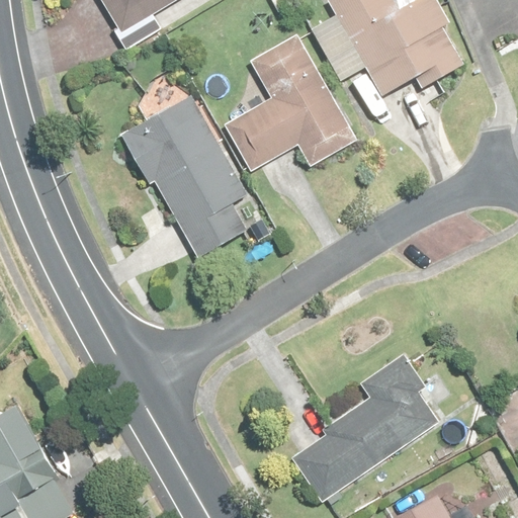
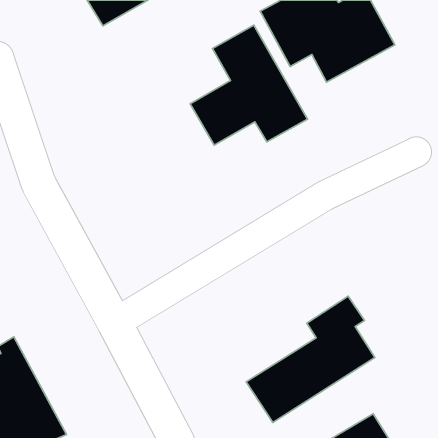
building: [122,92,250,262] -> none

